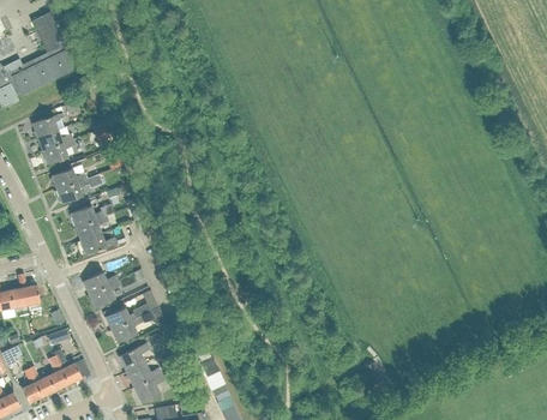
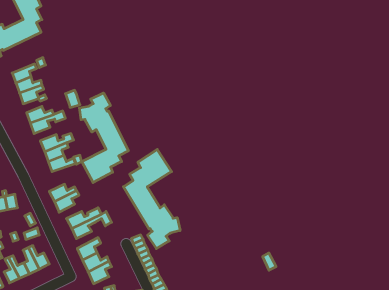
building: none -> [79,93,128,183]
building: none -> [123,149,180,249]

